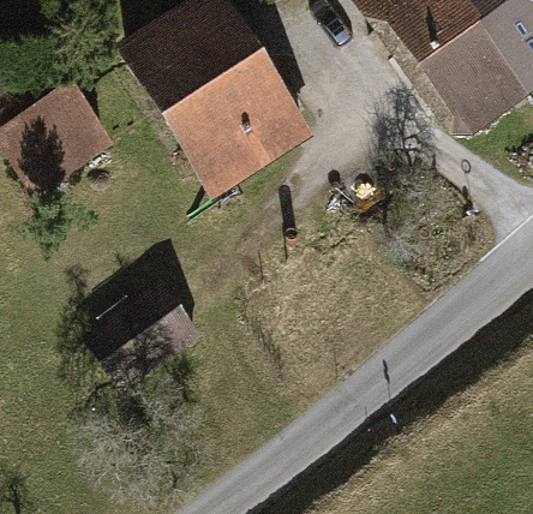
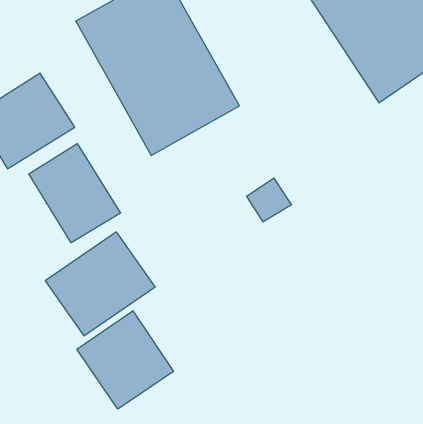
building: none -> [29,144,120,243]
building: none -> [77,311,173,409]

